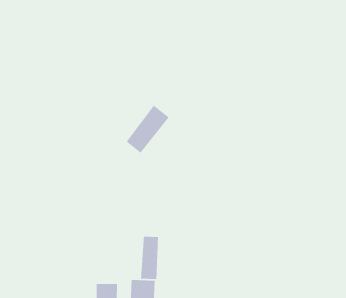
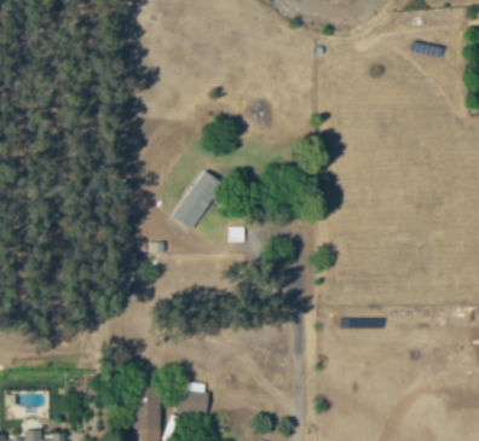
building: [141,236,159,280] -> none

